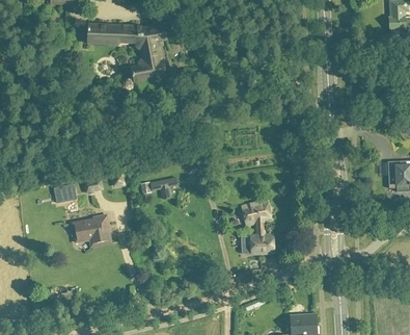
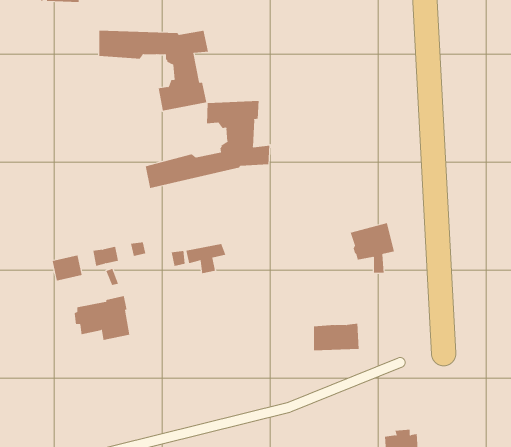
building: none -> [145,100,270,189]
building: [241,199,273,235] -> [350,222,395,273]

